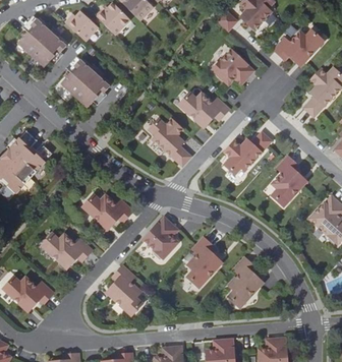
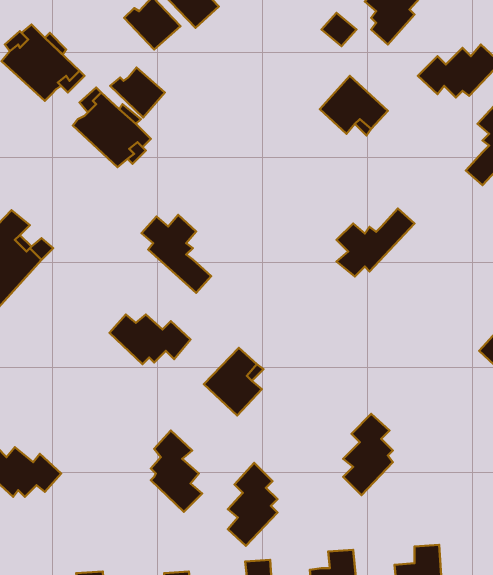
building: [65,13,99,44] -> [110,68,165,117]
building: [179,93,230,123] -> none
building: [147,119,189,167] -> [142,215,211,293]
building: [272,155,302,205] -> none
building: [42,234,93,264] -> none
building: [186,235,217,286] -> [228,463,277,546]

